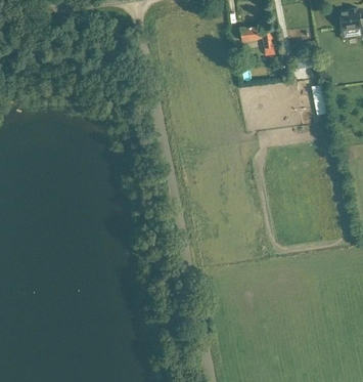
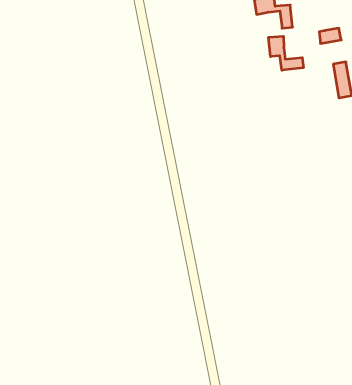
building: none -> [269,36,303,70]

